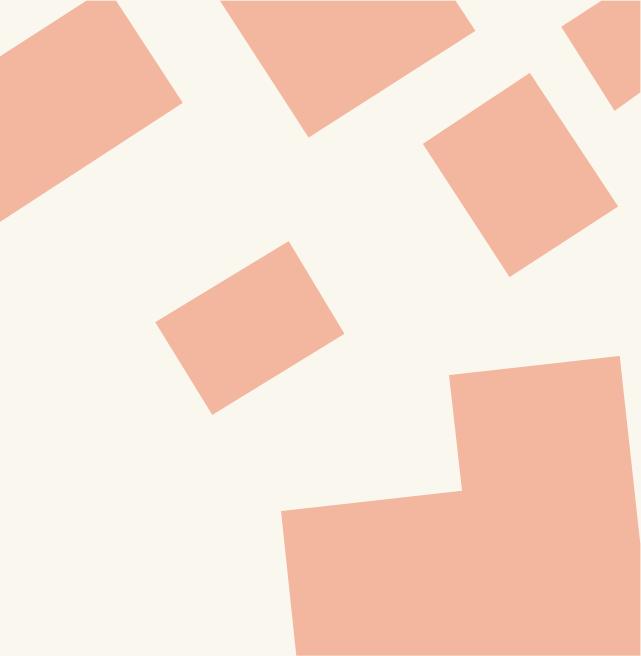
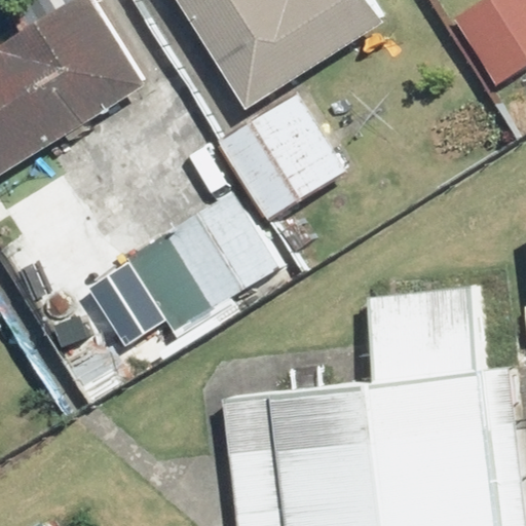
building: [422,72,619,278] -> none
building: none -> [220,95,346,223]

